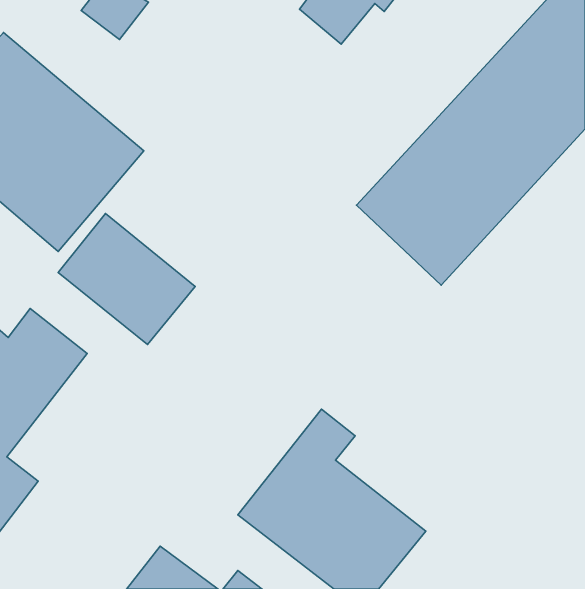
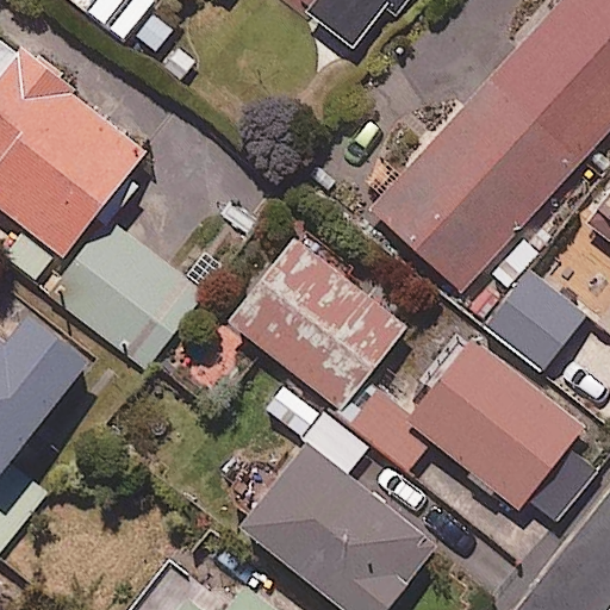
building: none -> [228,237,407,413]
building: none -> [484,270,584,371]
building: none -> [341,341,583,506]

